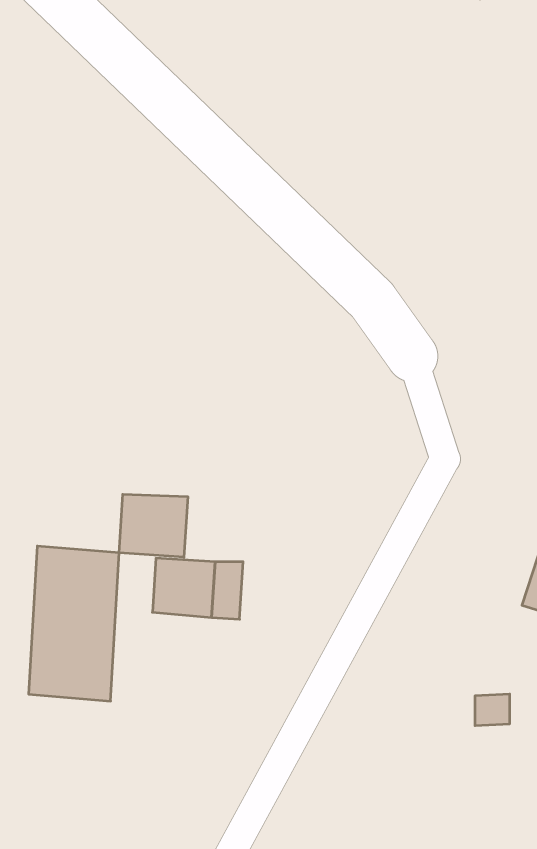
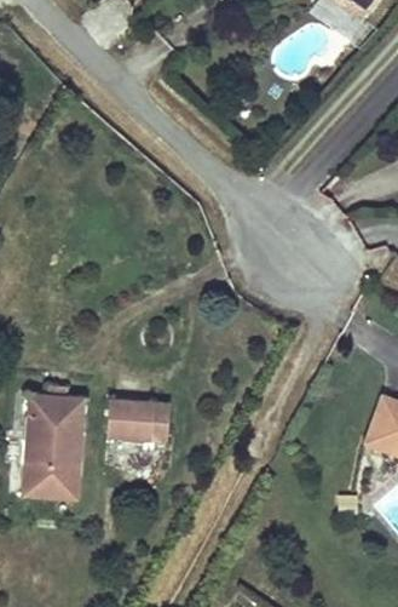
building: [119,494,188,557] -> none

